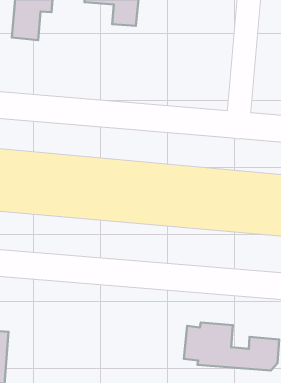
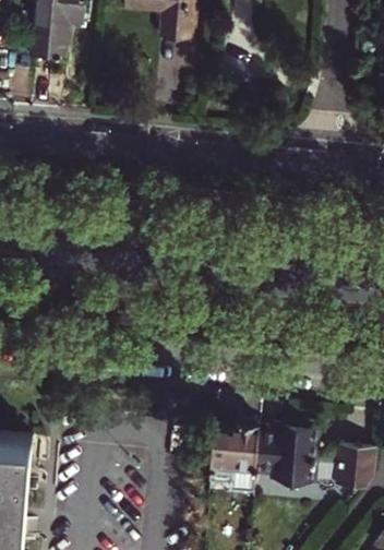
building: none -> [211,416,260,490]

